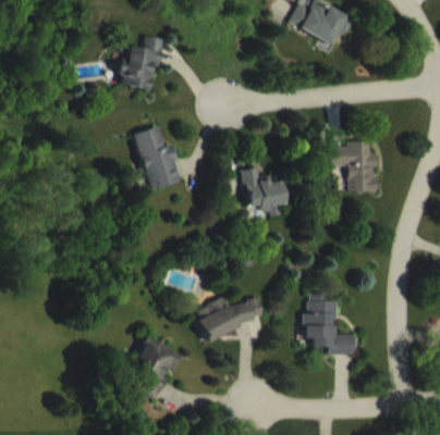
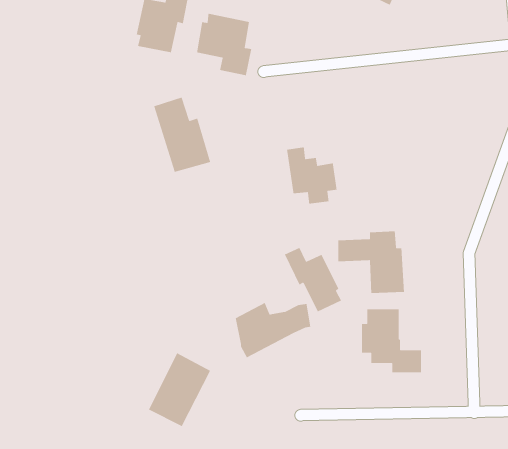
building: none -> [196,13,252,76]
building: [322,139,378,191] -> [338,231,405,294]
building: none -> [284,247,342,313]

